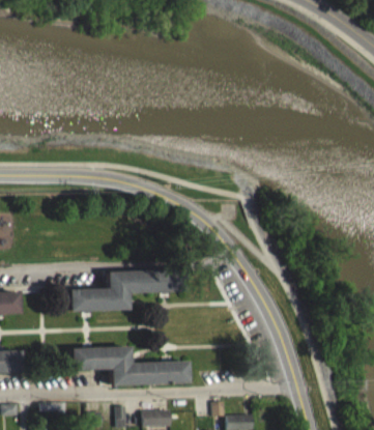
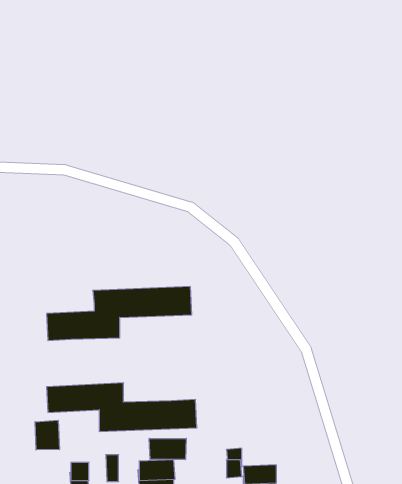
building: none -> [35,420,59,450]
building: none -> [149,438,186,460]

